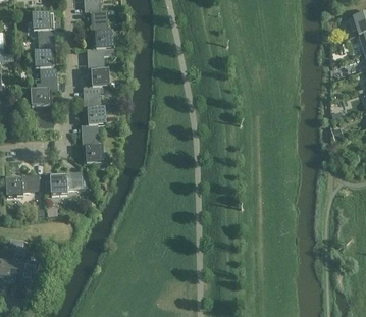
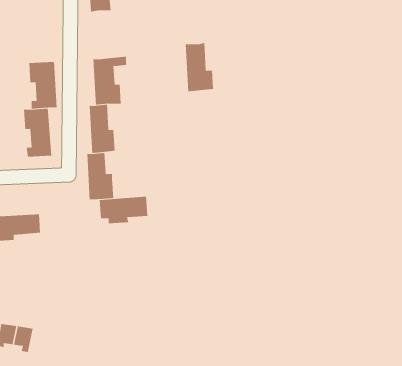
building: [90,9,113,49] -> [185,43,214,92]
building: [32,12,55,52] -> none
building: [43,171,83,194] -> [99,196,148,224]

